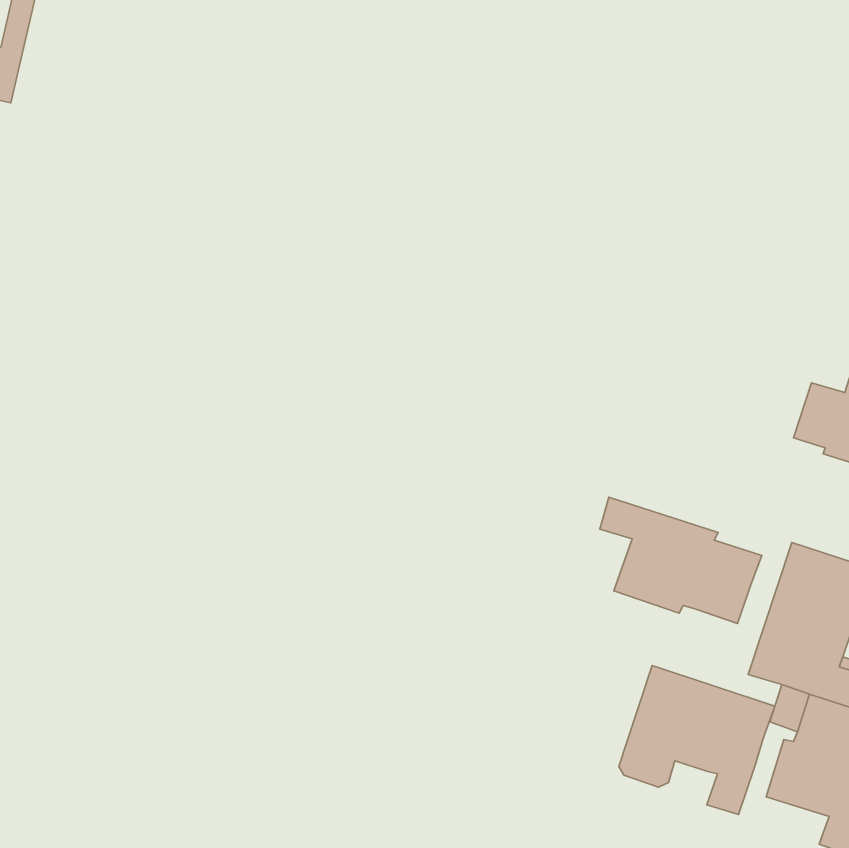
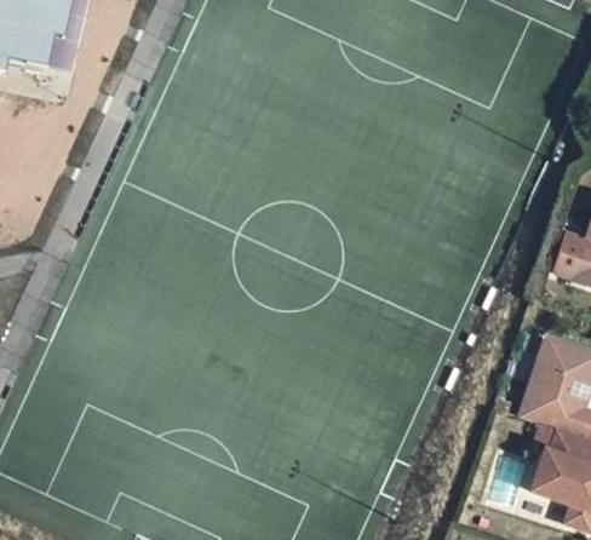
building: [600,497,762,623] -> none
building: [619,666,775,814] -> none

